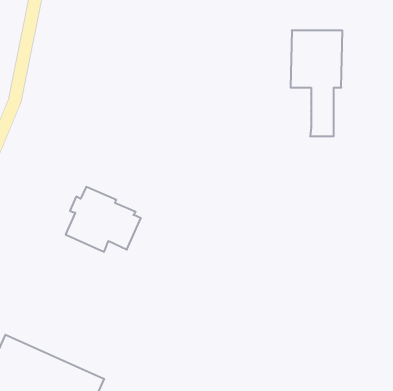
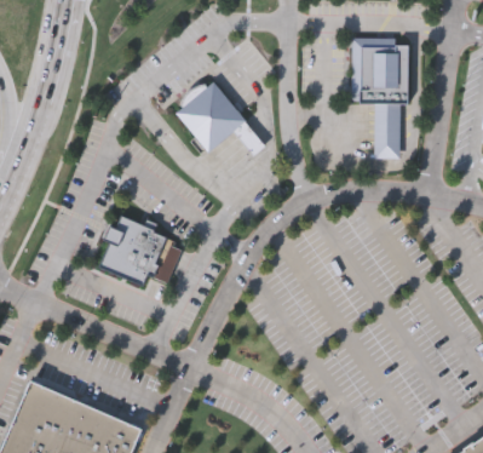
building: none -> [176,82,265,155]

